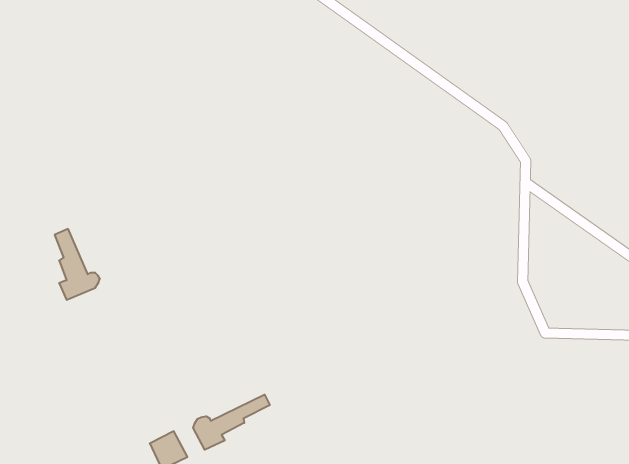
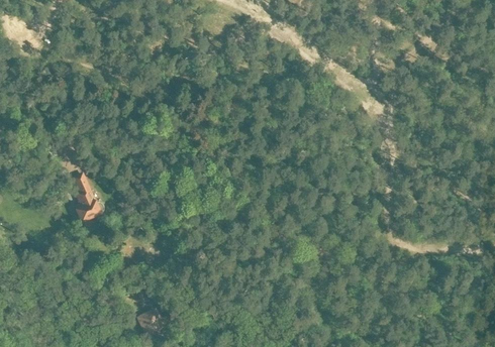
building: [193,395,270,450] -> none

